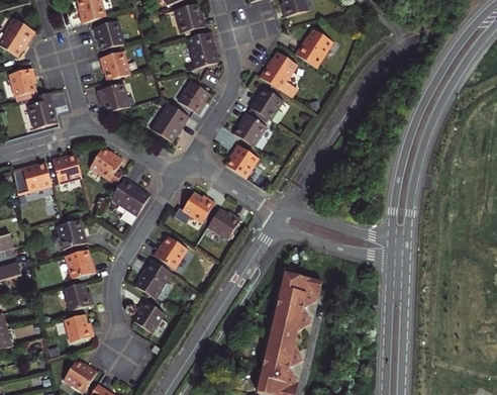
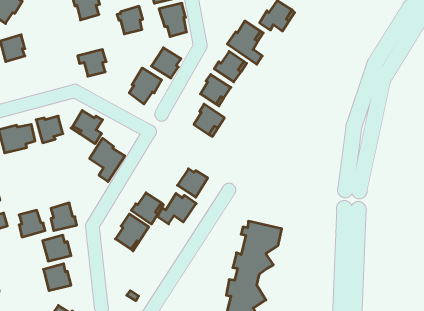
building: [96,50,124,80] -> [117,6,143,34]
building: [28,91,58,127] -> none
building: [172,195,214,228] -> [157,193,196,224]
building: [60,220,88,250] -> [19,210,45,237]
building: [135,303,166,335] -> none

